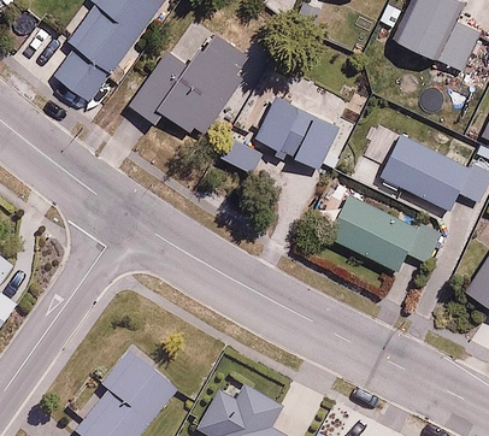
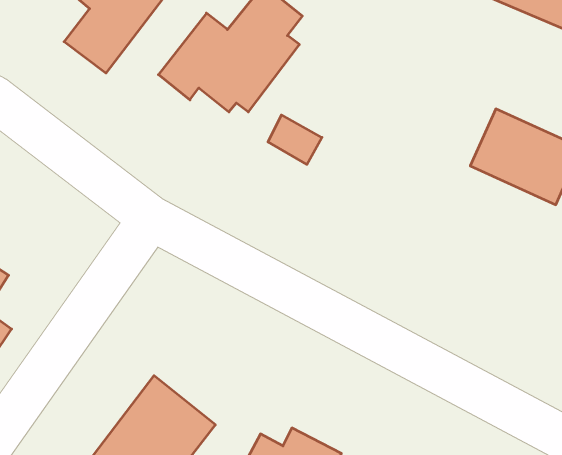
building: [255,96,340,166] -> none
building: [330,193,441,267] -> none

